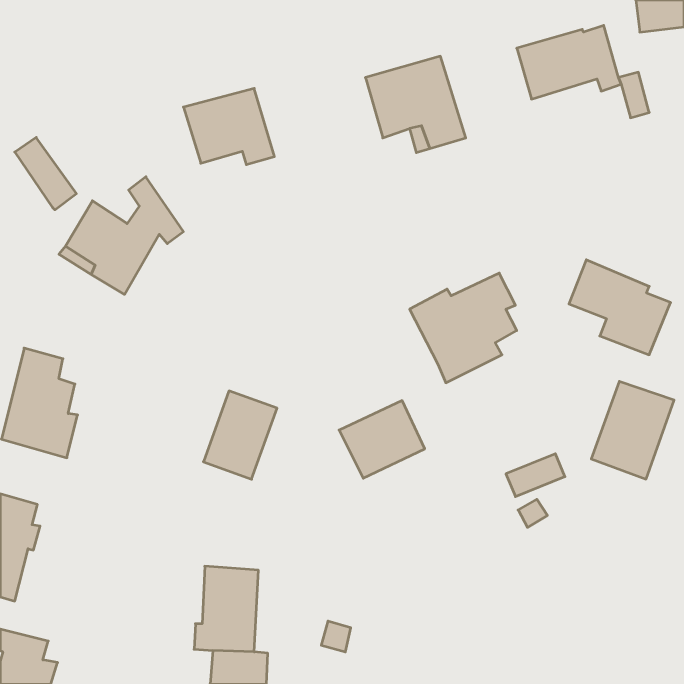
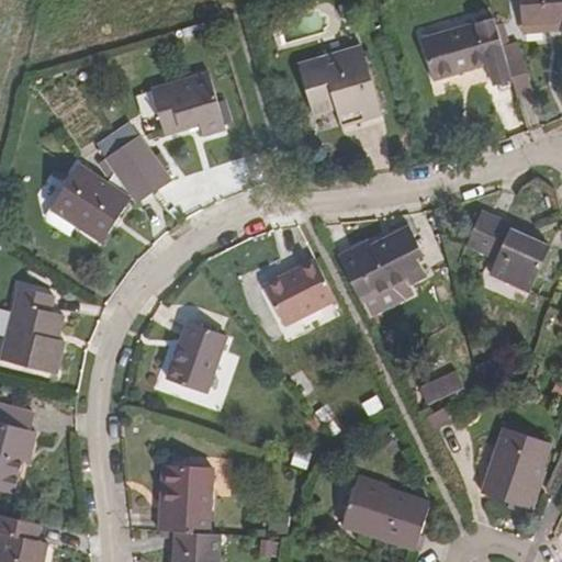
building: [15,137,76,210] -> [120,133,170,192]
building: [591,381,674,479] -> [482,428,550,508]
building: [339,401,425,478] -> [265,259,335,323]
building: none -> [340,477,429,549]

